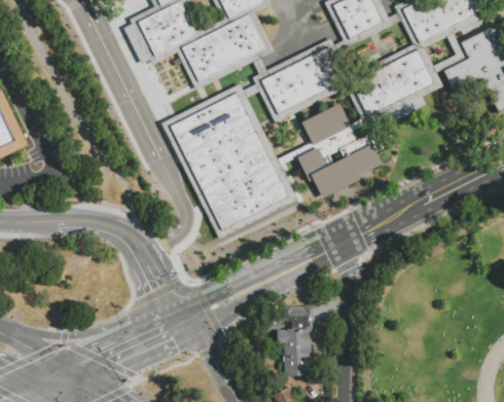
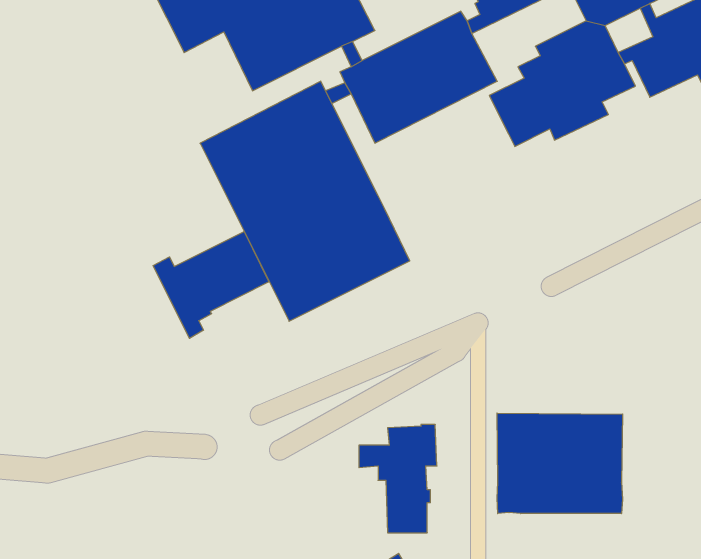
building: [277,102,382,196] -> none
building: none -> [153,231,269,338]
building: none -> [497,413,623,514]

